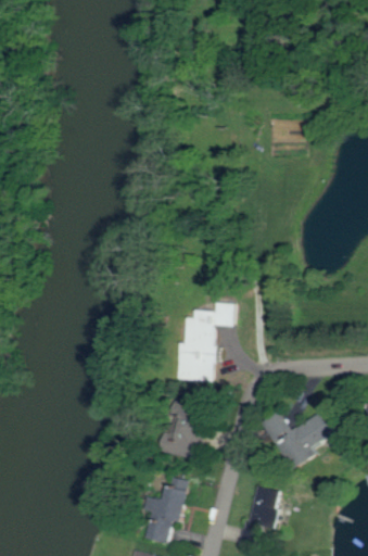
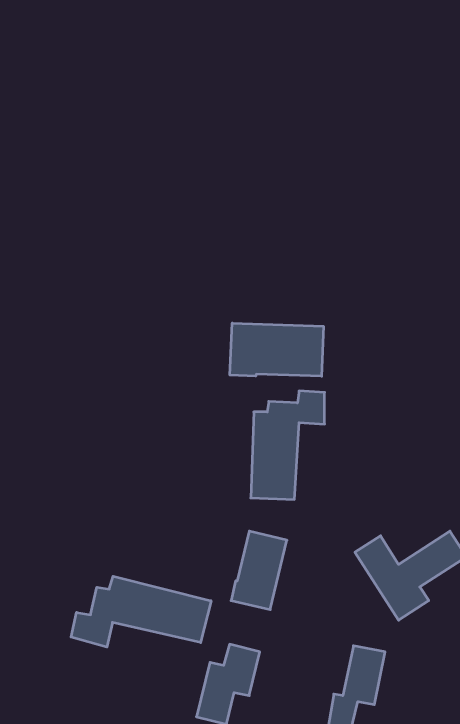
building: none -> [230,323,323,376]
building: none -> [71,576,211,647]

